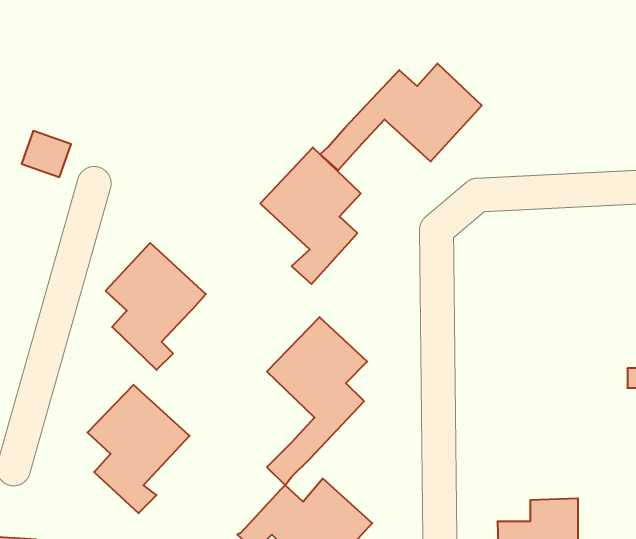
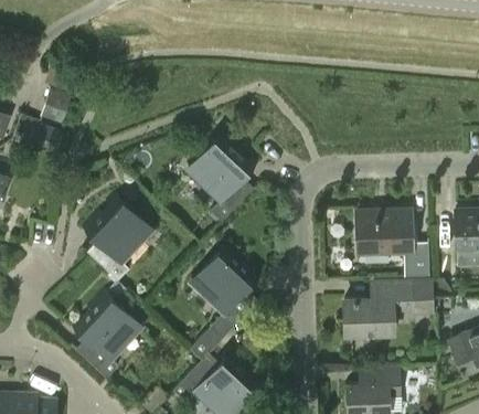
building: [320,63,482,170] -> none
building: none -> [40,89,70,124]
building: none -> [355,212,427,276]
building: none -> [344,283,432,335]

